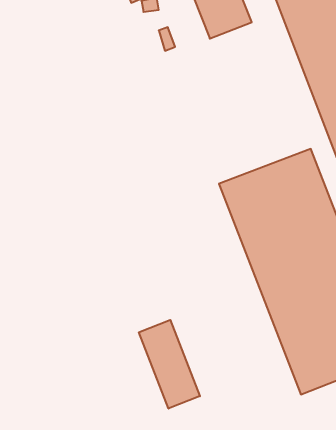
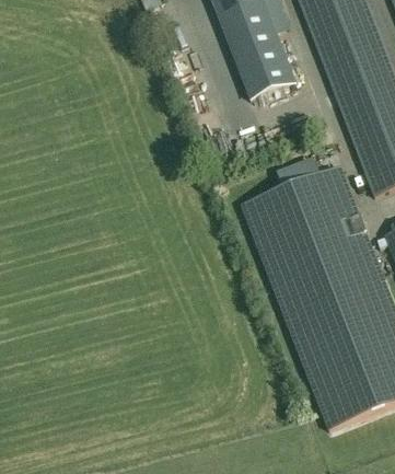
building: none -> [231,33,295,97]
building: [139,320,200,409] -> none

